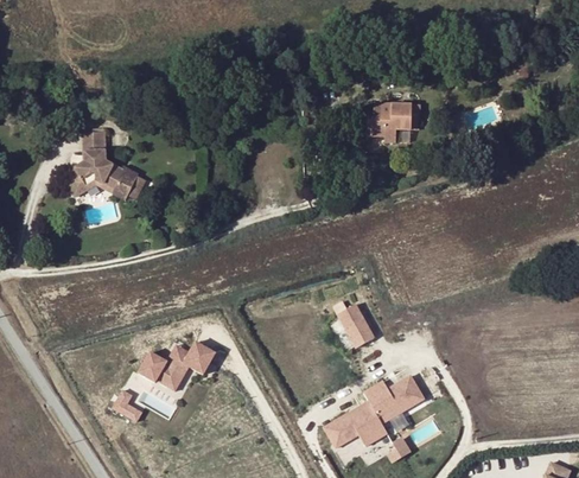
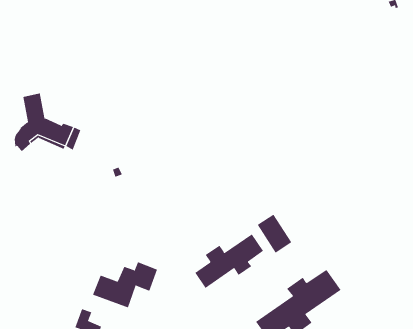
building: [367,104,419,142] -> none
building: none -> [195,233,264,289]

